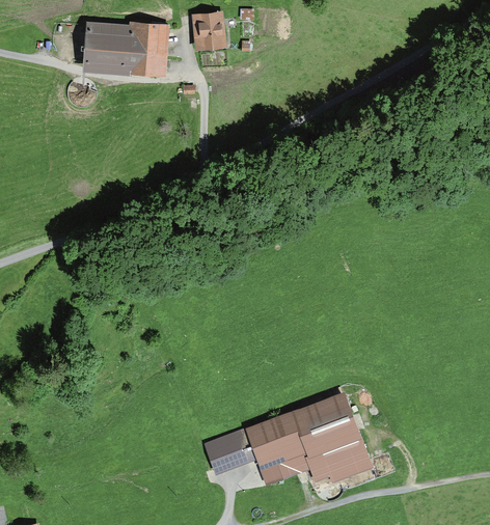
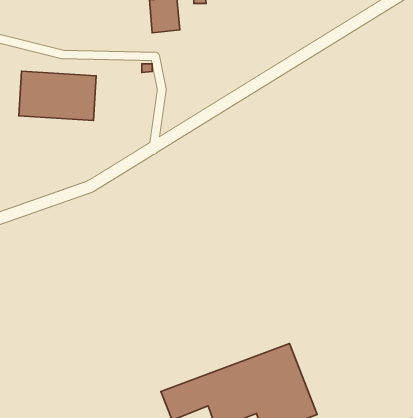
building: [82,22,167,76] -> [19,71,96,120]

